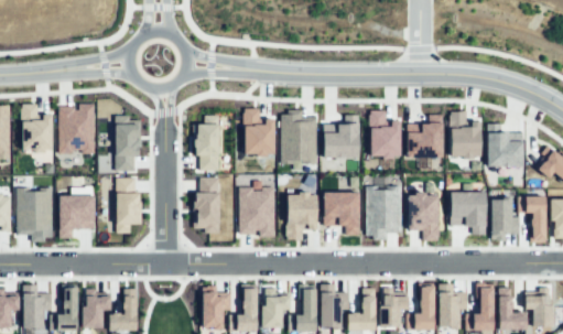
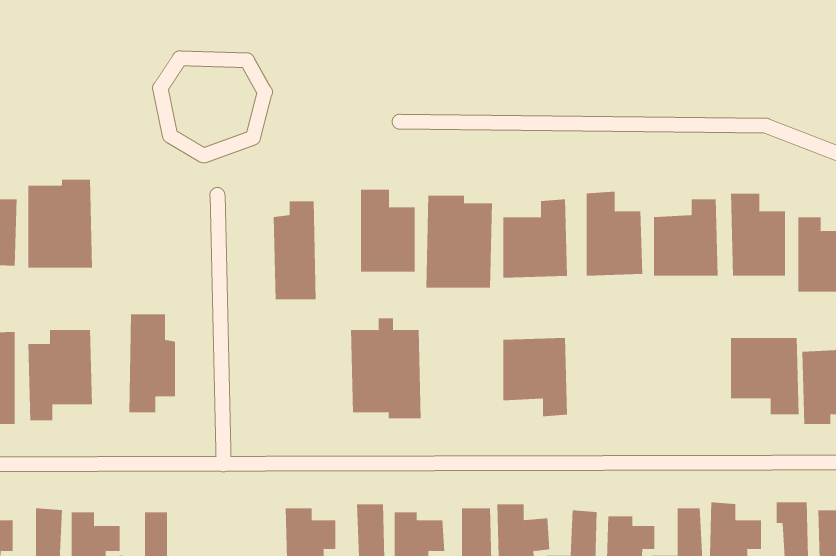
building: [112,116,142,171] -> none
building: [194,177,221,234] -> none
building: [366,186,402,239] -> none
building: [286,194,318,240] -> none
building: [409,194,440,241] -> none

